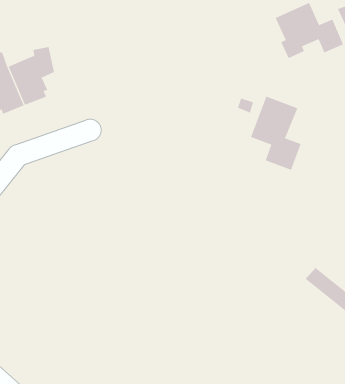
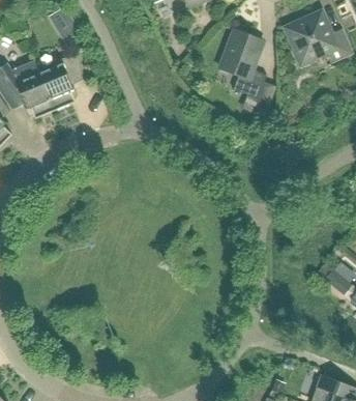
building: [250,96,301,170] -> [219,29,267,98]

